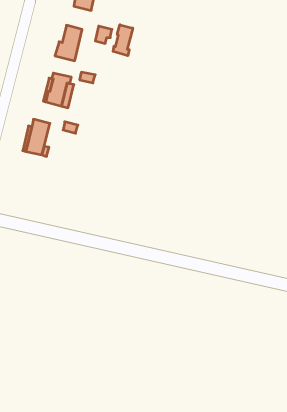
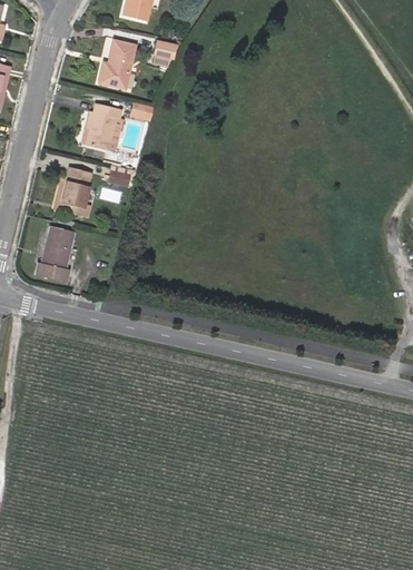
building: [113,25,133,56] -> none
building: none -> [36,226,73,281]

